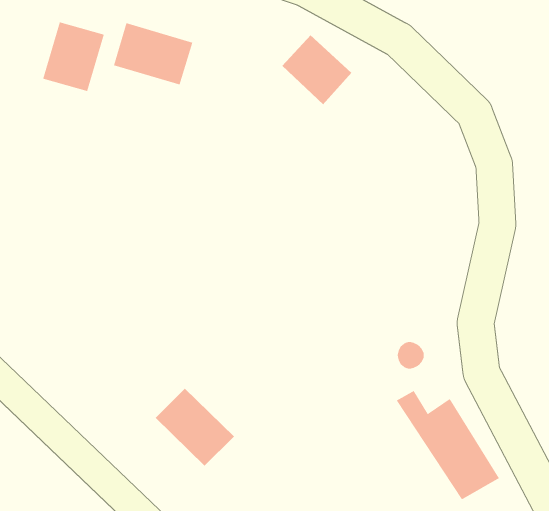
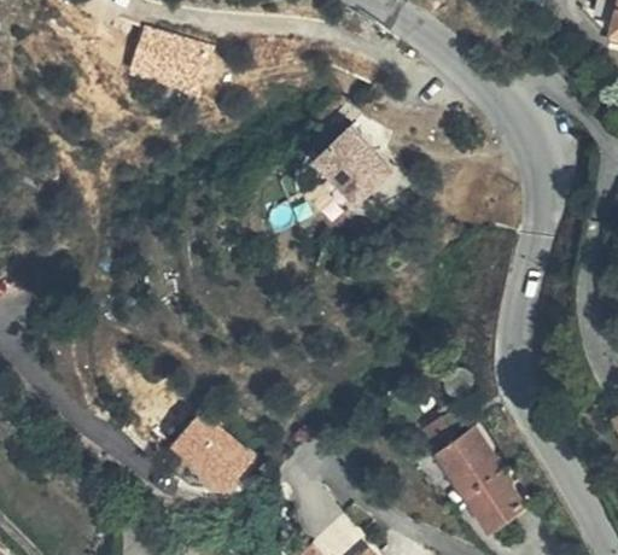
building: [43,21,104,92] -> none
building: [282,34,352,105] -> [320,135,393,209]

